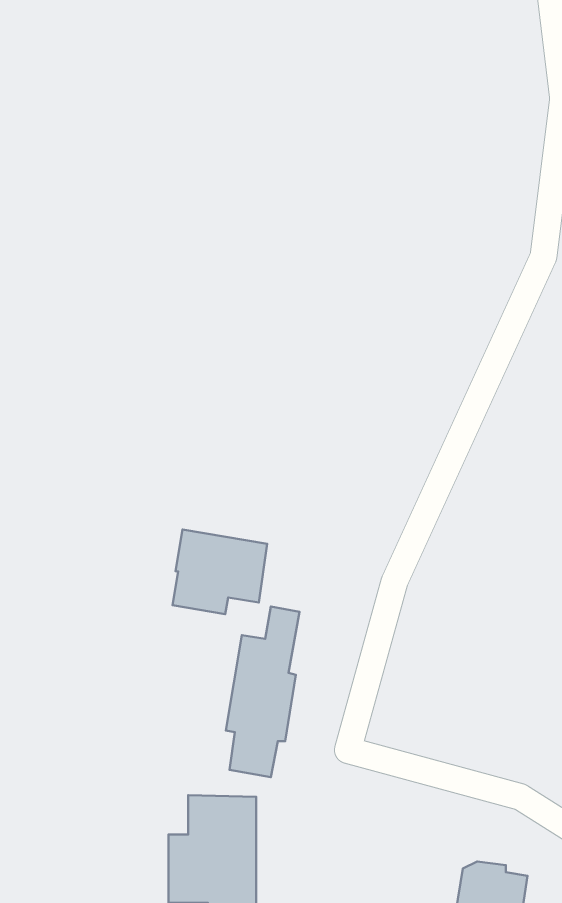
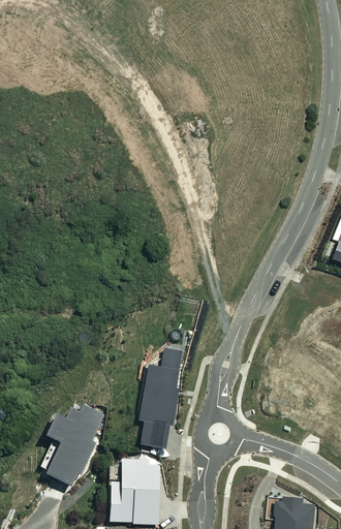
building: [173,530,267,614] -> none
building: none -> [44,406,104,488]

